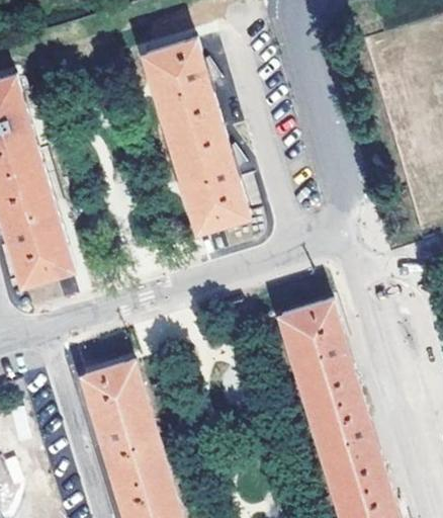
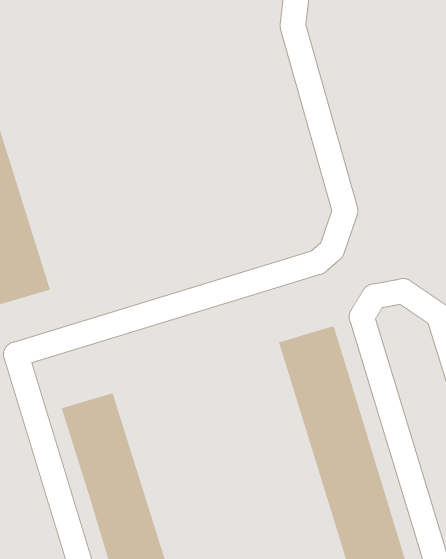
building: [144,39,248,230] -> none

